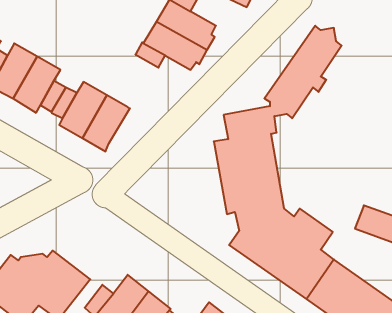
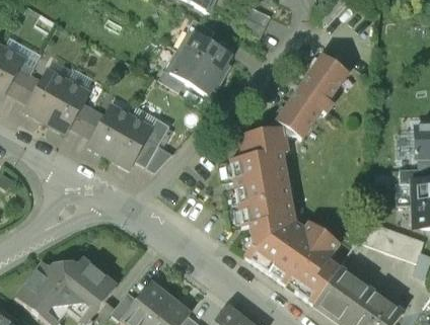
building: none -> [133,117,171,173]

